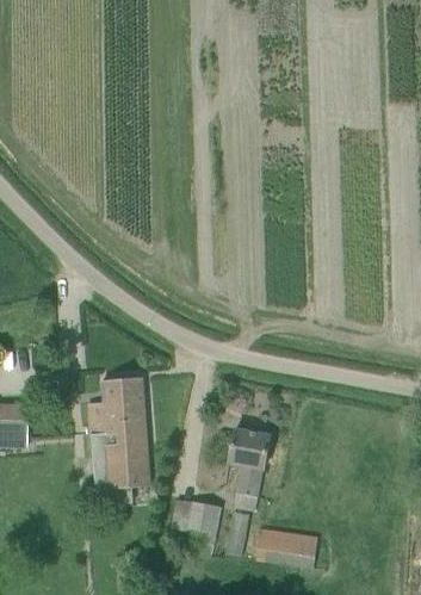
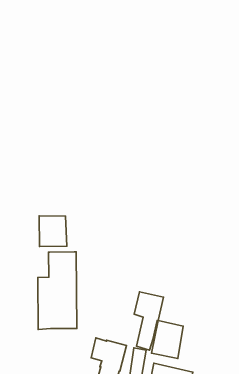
building: none -> [39,216,67,246]
building: none -> [151,320,183,358]

